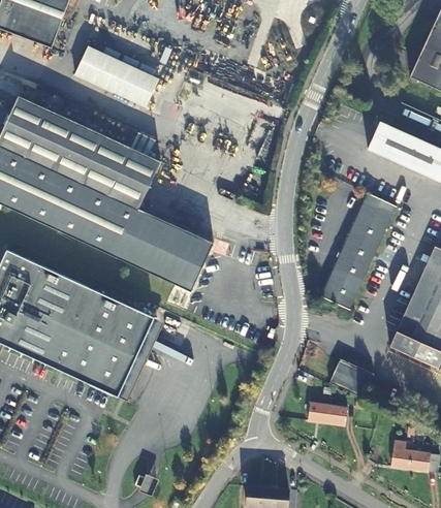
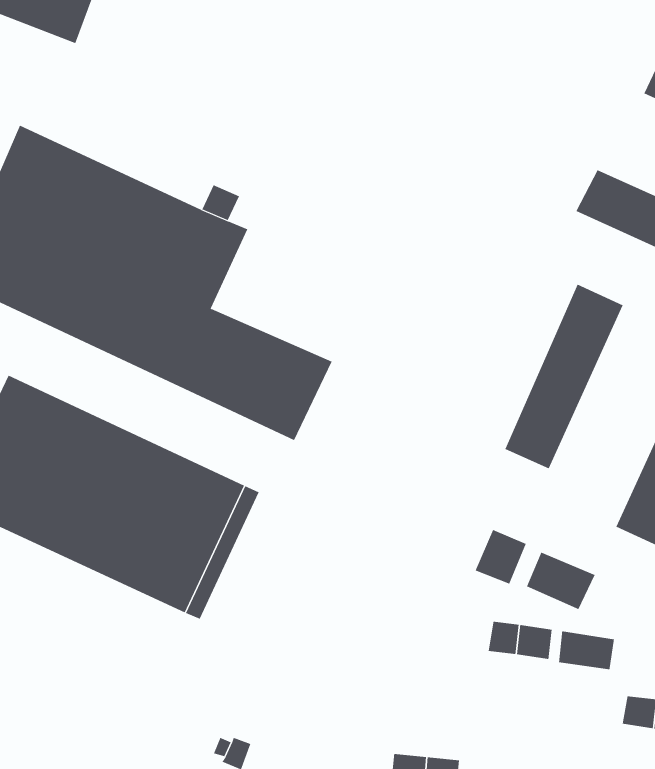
building: [78,42,163,101] -> none
building: none -> [475,529,526,584]
building: none -> [558,631,614,670]

